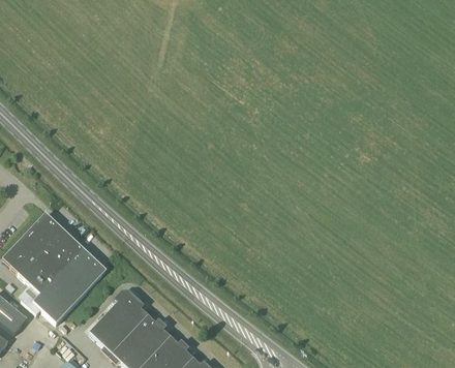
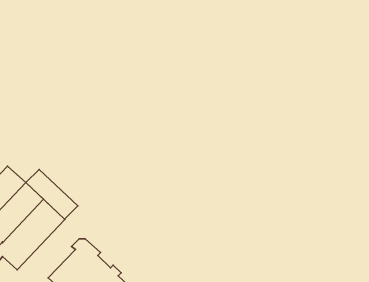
building: none -> [26,169,78,219]

